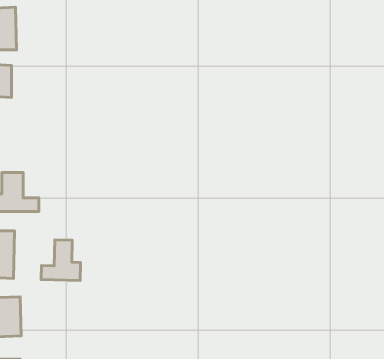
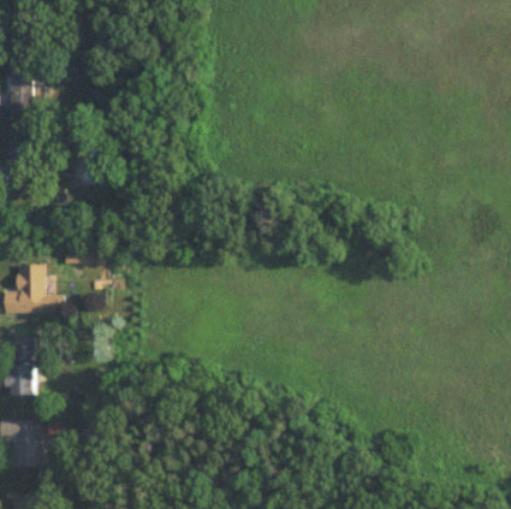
building: [41,240,80,280] -> none

